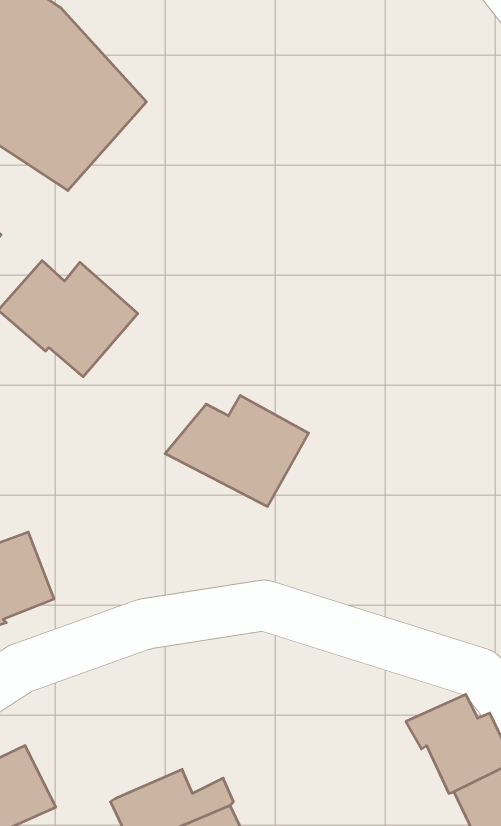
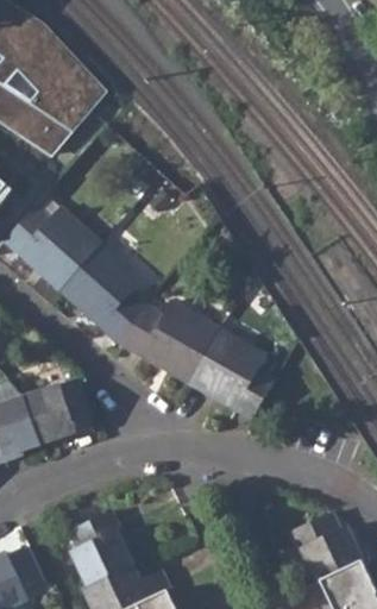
building: none -> [61,244,146,341]
building: none -> [189,327,274,416]
building: none -> [23,378,90,442]
building: none -> [65,508,130,582]

